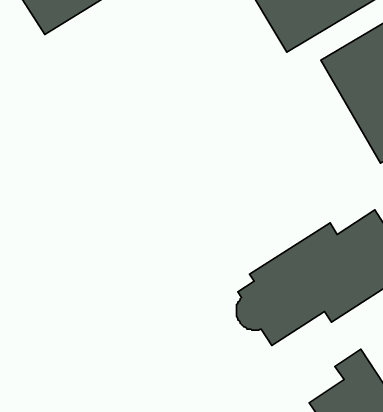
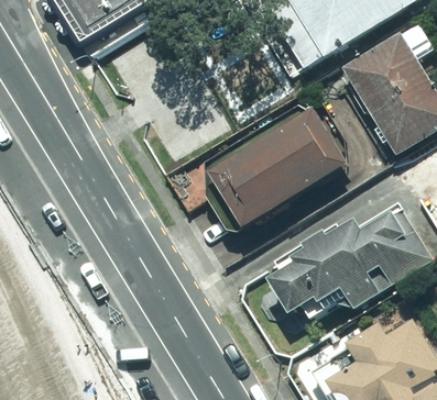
building: none -> [201,109,346,231]

